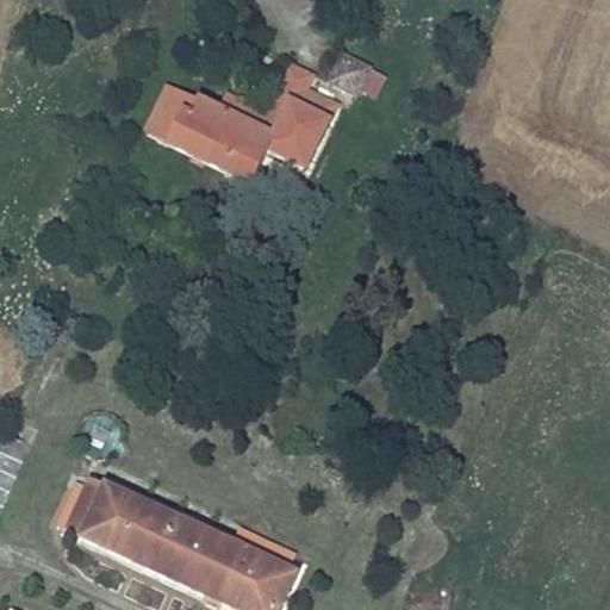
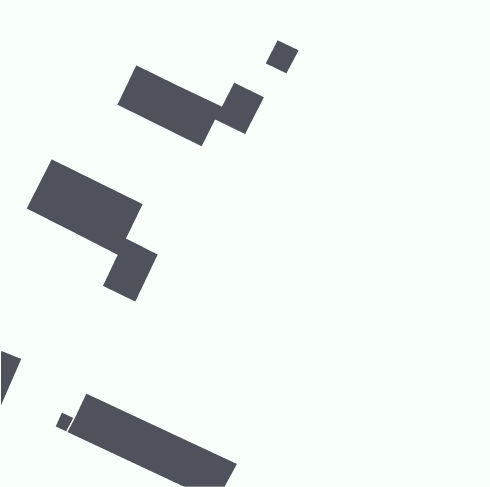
building: [222,64,338,131] -> none
building: none -> [26,158,159,302]

